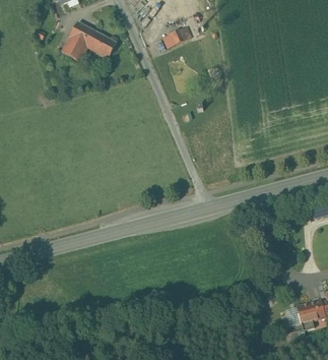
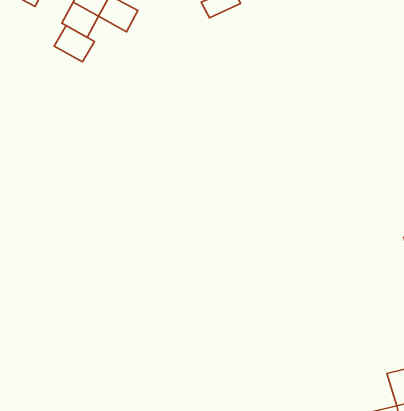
building: none -> [54,26,94,62]

